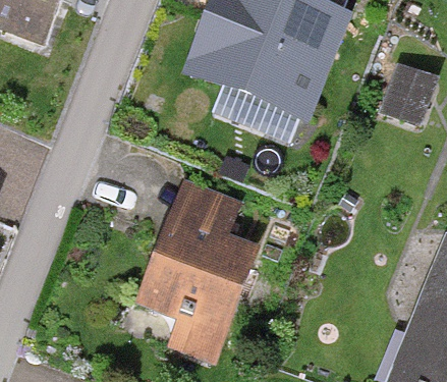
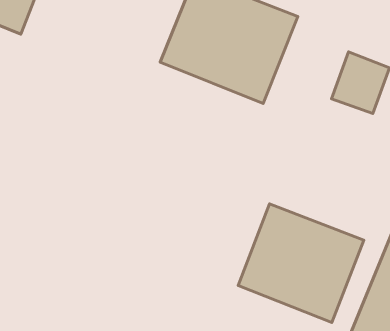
building: [150,197,255,350] -> none
building: none -> [238,204,364,322]

